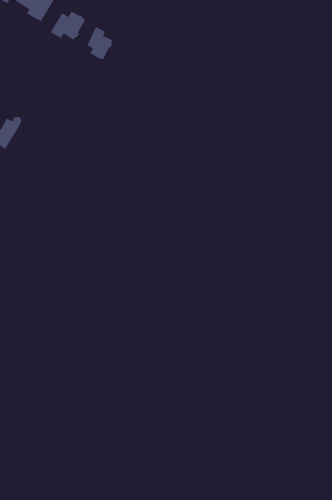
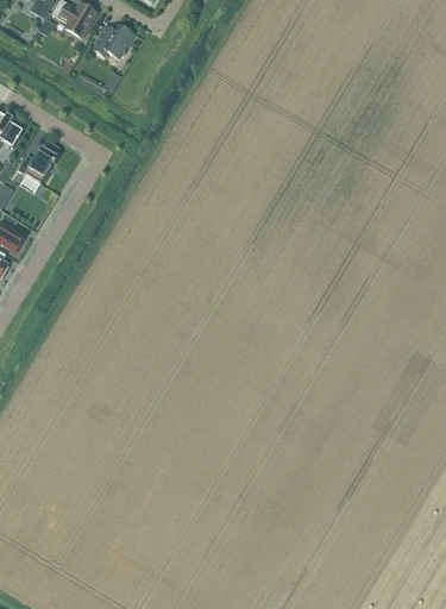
building: [86,26,113,60] -> none

